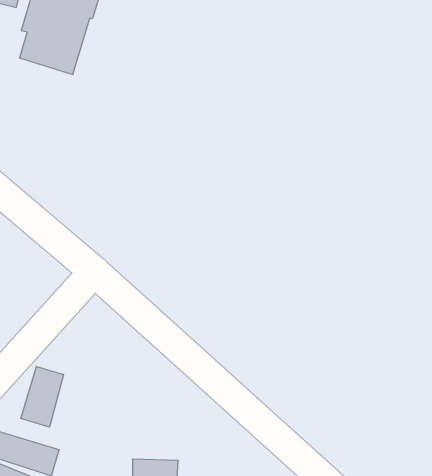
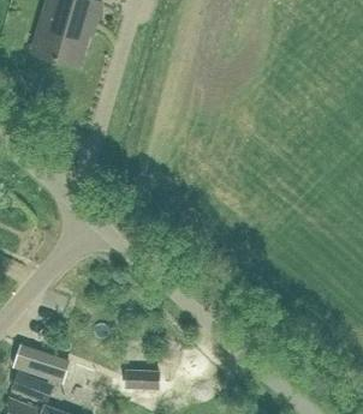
building: [21,366,64,427] -> none

